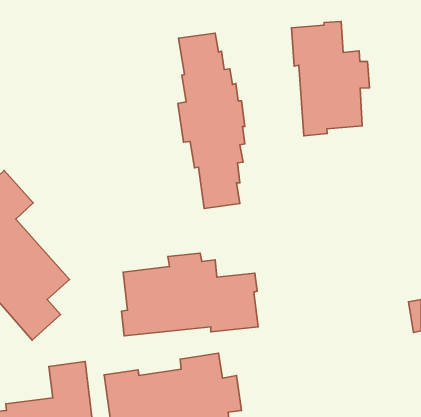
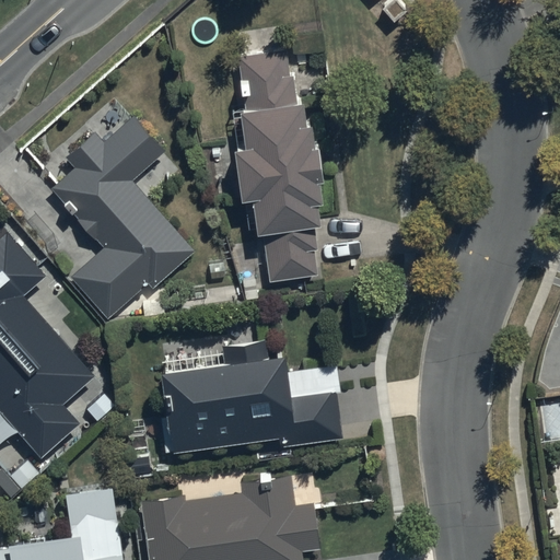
building: [291,22,370,136] -> none
building: none -> [50,116,196,319]

